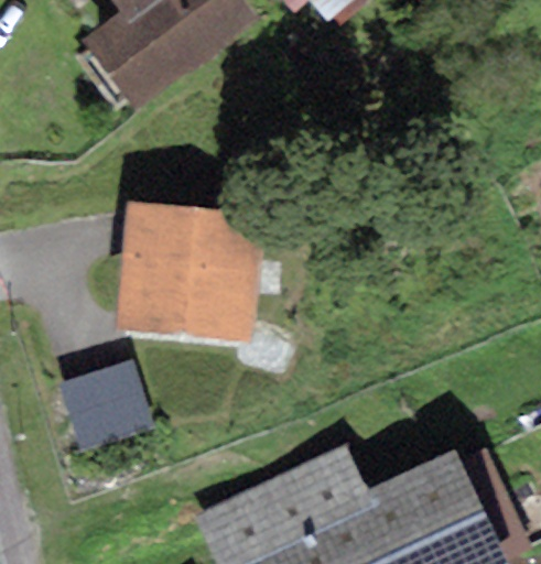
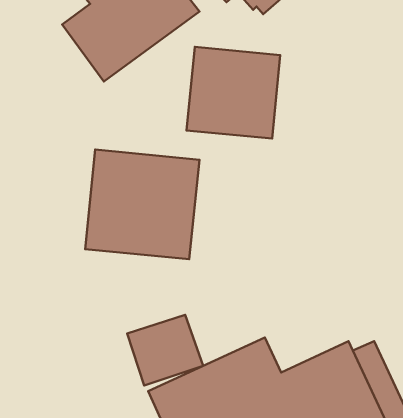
building: none -> [187,47,280,138]
building: [56,361,154,453] -> [127,315,203,386]

